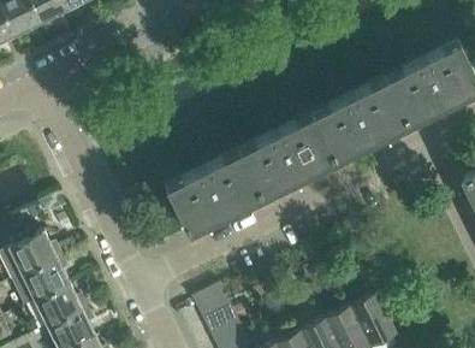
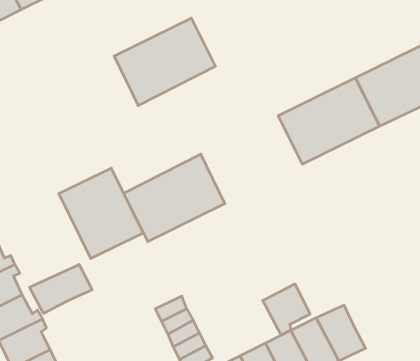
building: [237,113,333,196] -> [114,18,215,106]
building: none -> [59,168,143,259]
building: none -> [30,264,92,313]
building: none -> [263,284,310,335]

